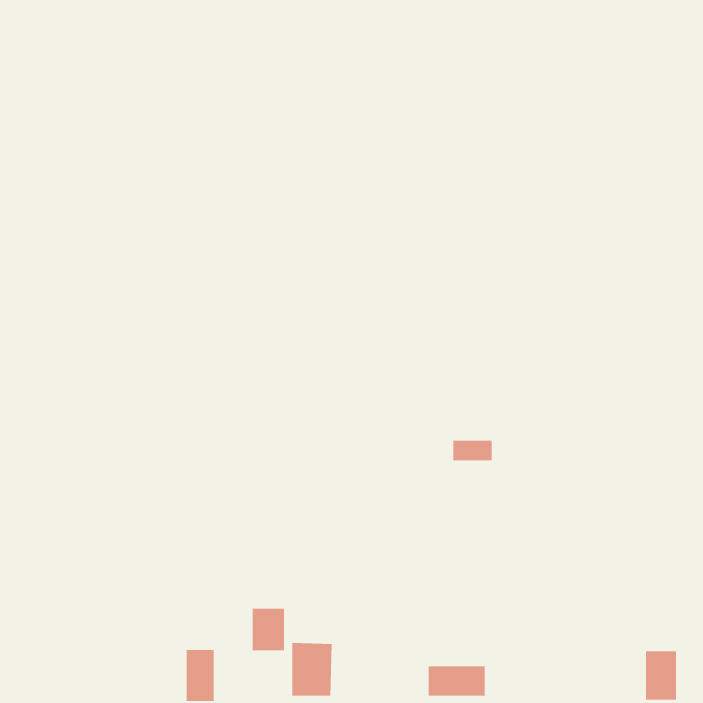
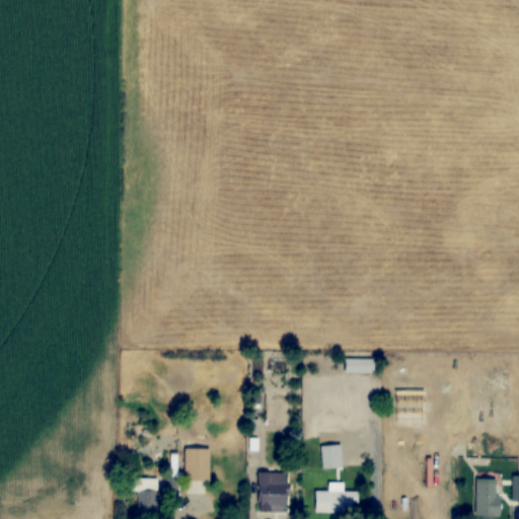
building: [453,440,492,461] -> [345,358,374,373]
building: none -> [320,444,342,468]
building: [291,643,333,696] -> [257,471,288,511]

